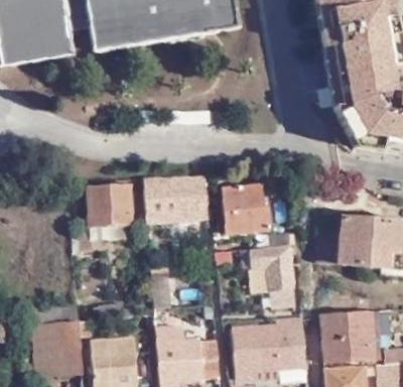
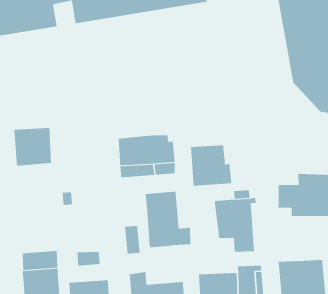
building: [88,183,130,226] -> [13,128,52,166]
building: none -> [145,191,191,248]

